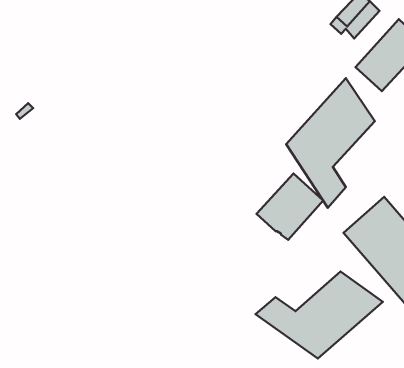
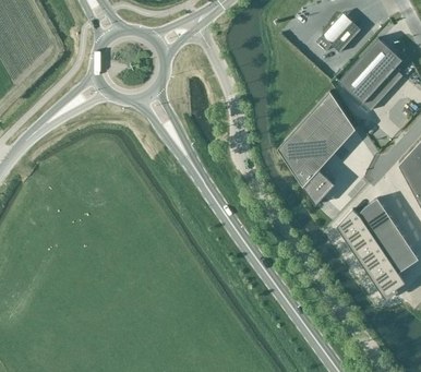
building: [256,173,323,240] -> none
building: [255,272,383,358] -> none

